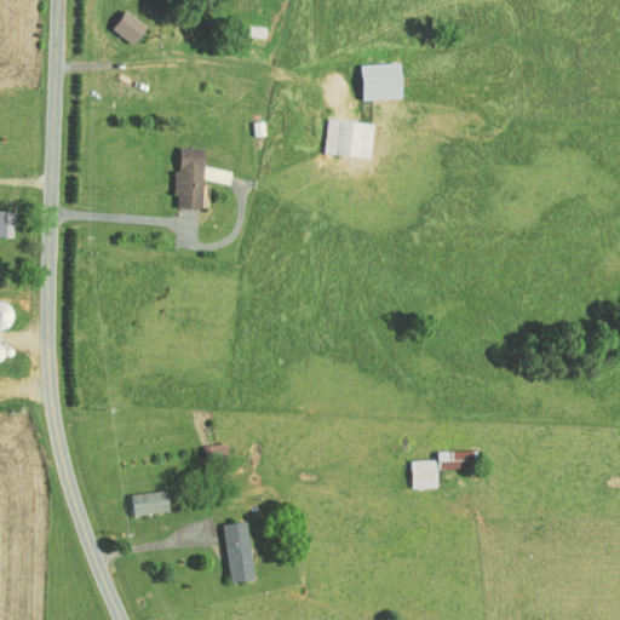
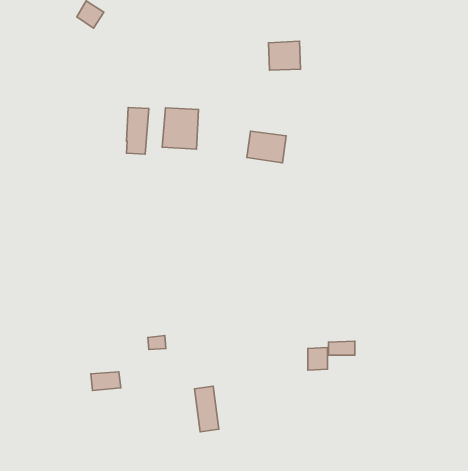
building: [323,117,374,159] -> [247,131,286,163]
building: none -> [162,108,198,149]
building: [223,522,254,581] -> [194,386,219,432]

